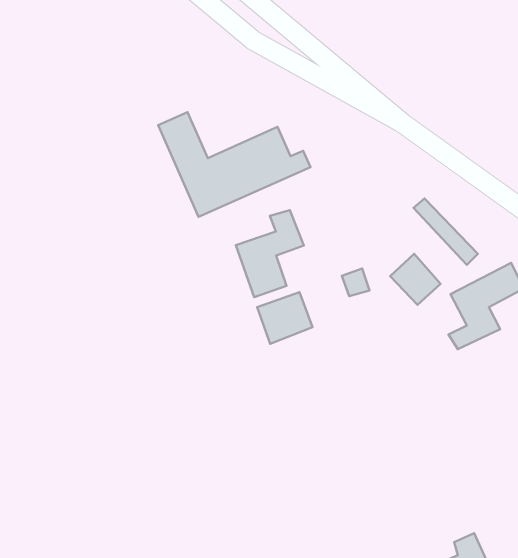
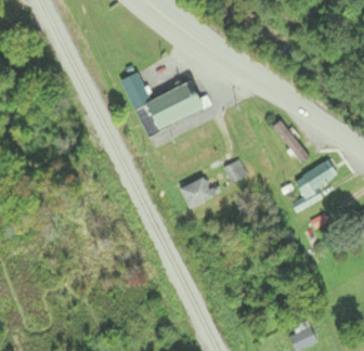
building: [236,210,304,297] -> none
building: [390,254,441,305] -> none

